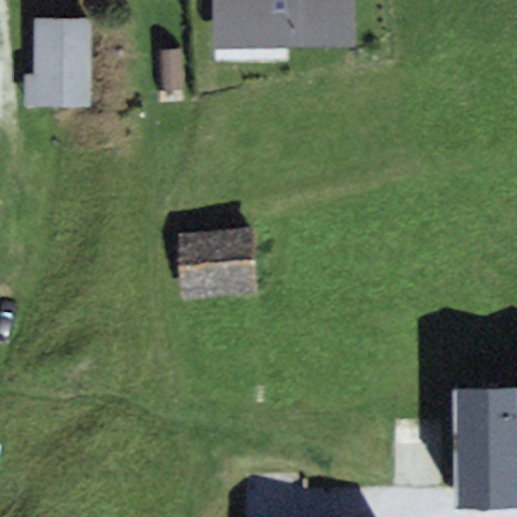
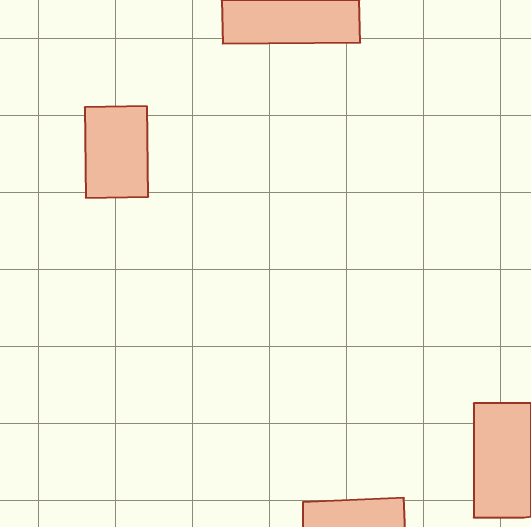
building: [30,11,92,100] -> [85,106,148,198]
building: [180,238,251,297] -> none

